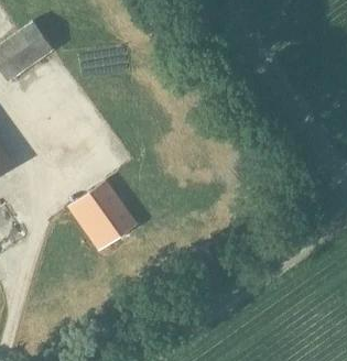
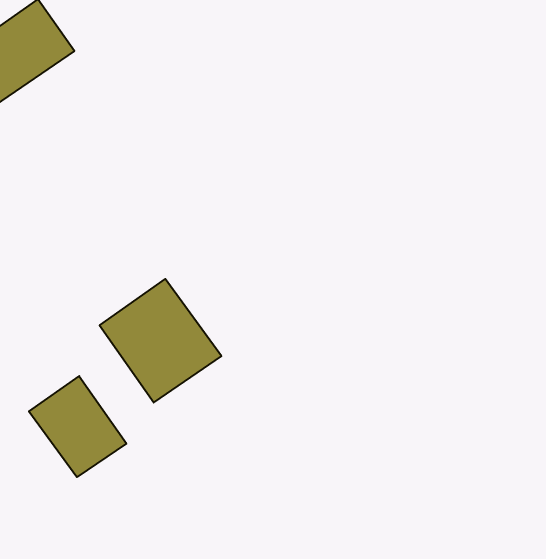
building: none -> [29,376,126,477]

